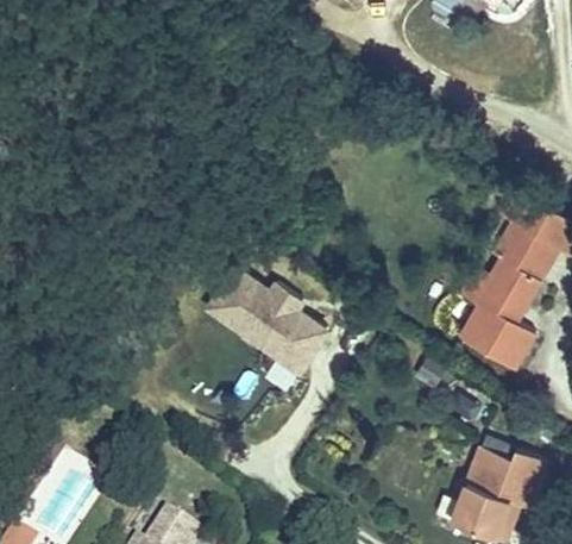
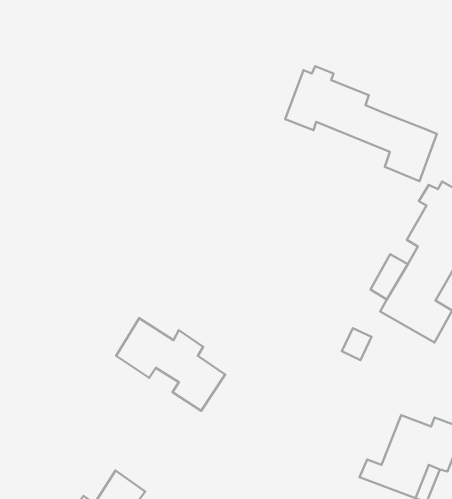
building: none -> [285,66,437,181]
building: [209,270,327,370] -> [116,318,225,411]

